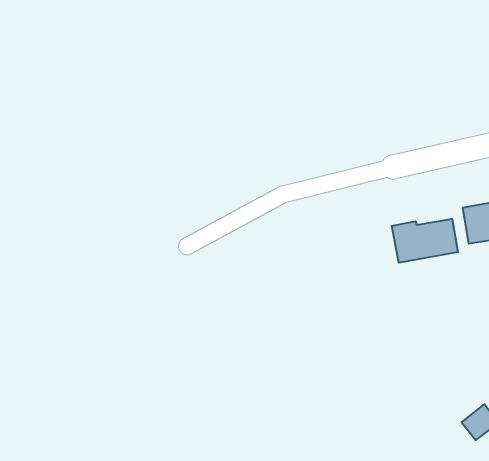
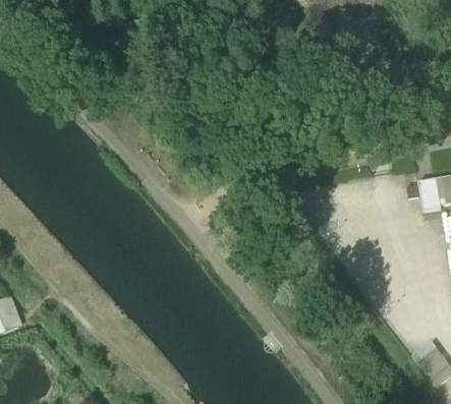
building: [392,219,458,263] -> none

